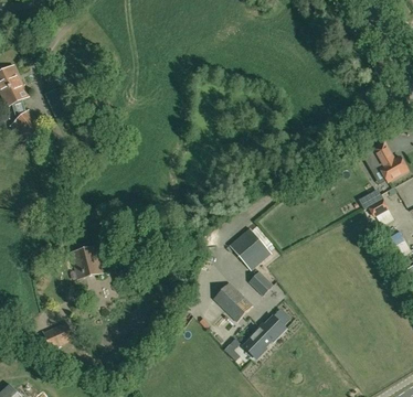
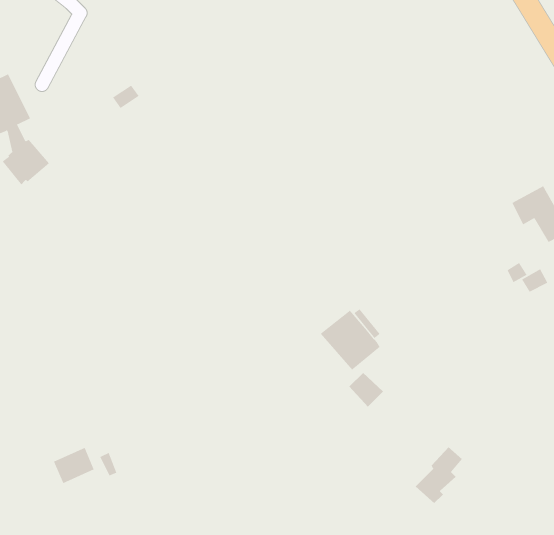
building: [72,245,102,277] -> none
building: [213,281,252,321] -> none
building: [243,318,276,357] -> [415,446,463,504]

